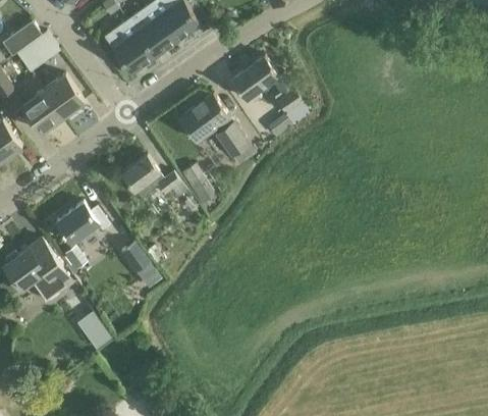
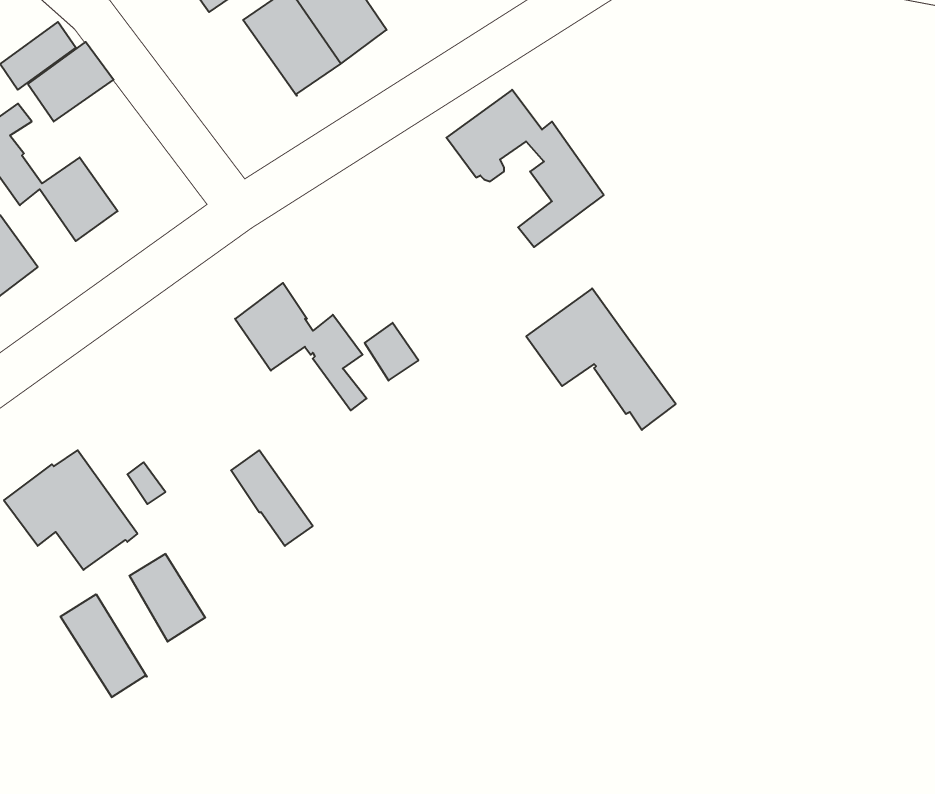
building: [104,19,154,74] -> none
building: [43,73,85,117] -> none
building: [179,93,256,165] -> [526,288,676,430]
building: [55,201,110,243] -> none
building: none -> [61,594,147,697]

